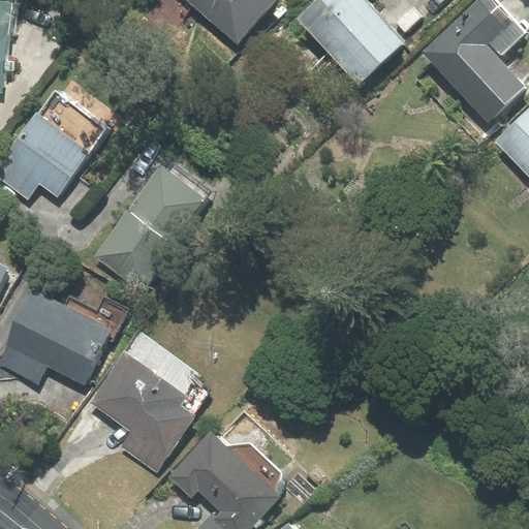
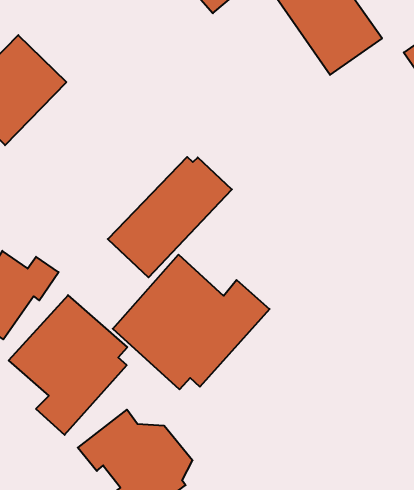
building: [97,165,209,287] -> [108,157,232,277]
building: none -> [113,255,270,389]

